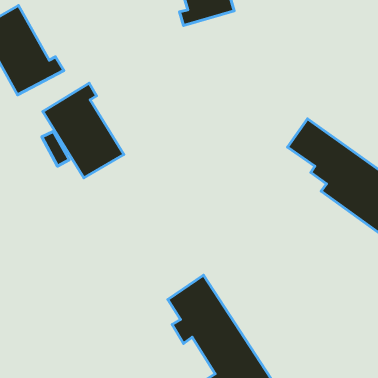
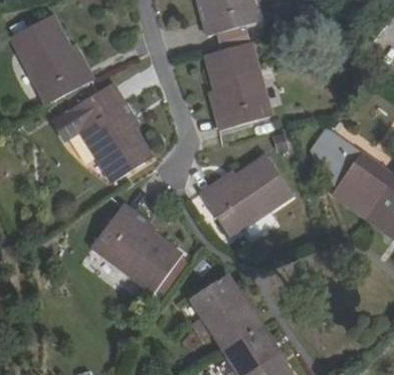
building: none -> [207,41,269,128]
building: none -> [199,156,290,233]
building: none -> [95,204,181,290]

